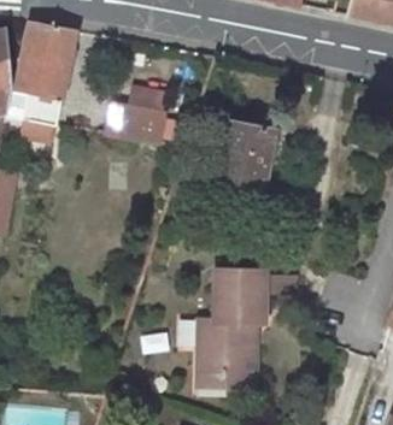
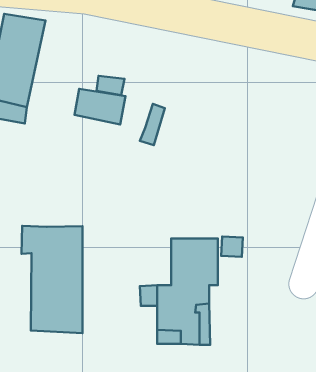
building: [216,120,275,201] -> none
building: none -> [22,226,83,333]

